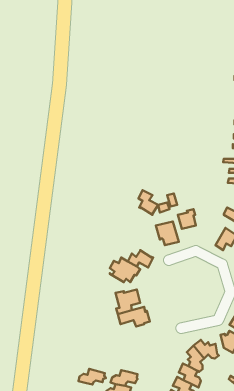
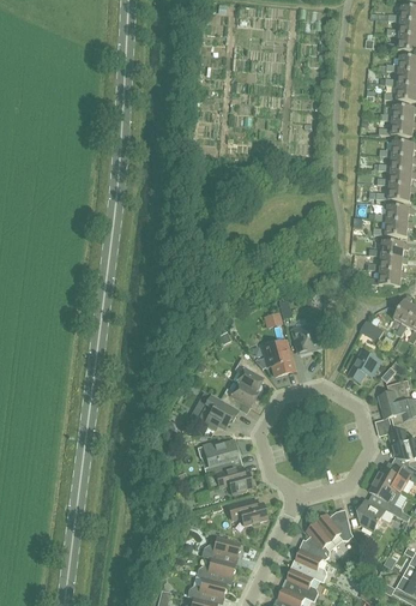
building: [138,190,158,215] -> [234,356,263,392]
building: none -> [227,499,266,524]
building: [79,369,106,385] -> [200,536,240,559]

